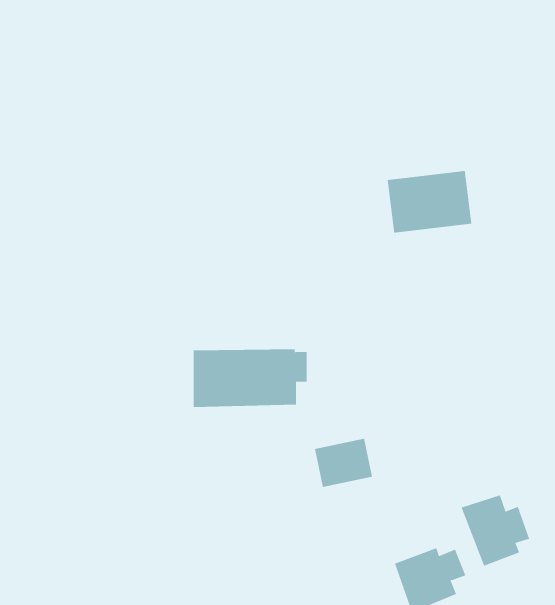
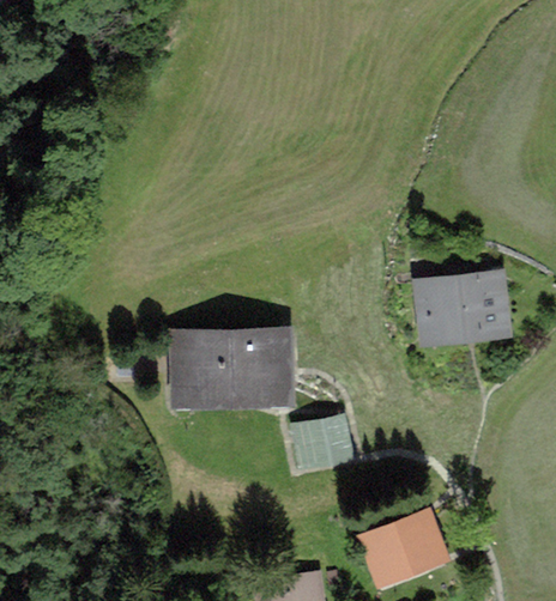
building: [387,171,472,233] -> [427,280,503,336]
building: [461,495,530,566] -> none

